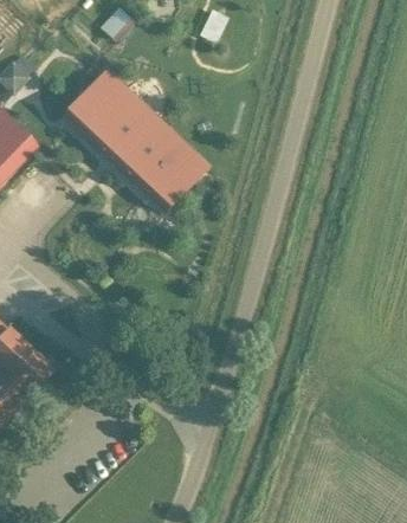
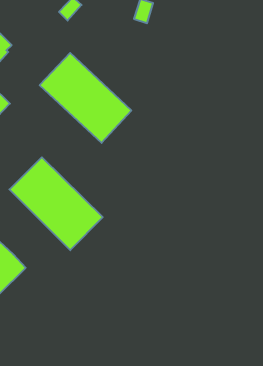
building: none -> [9,157,103,250]

